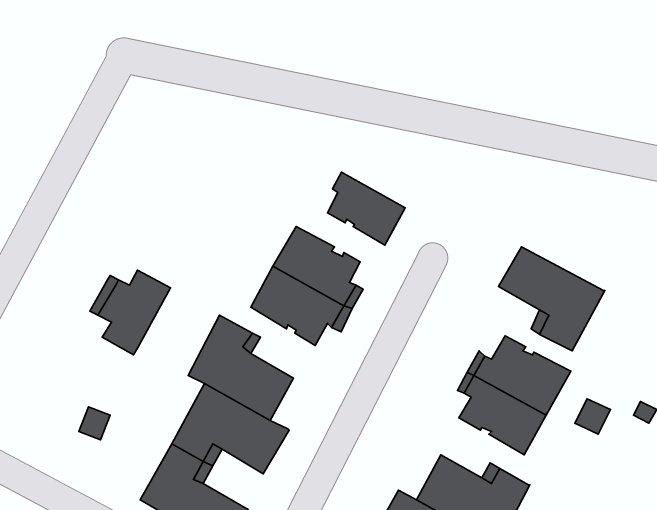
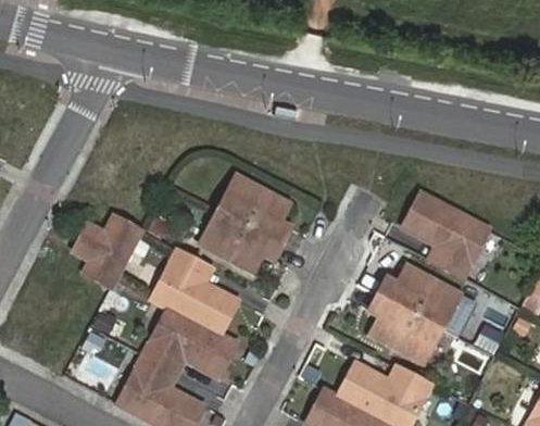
building: [327,172,405,245] -> none

